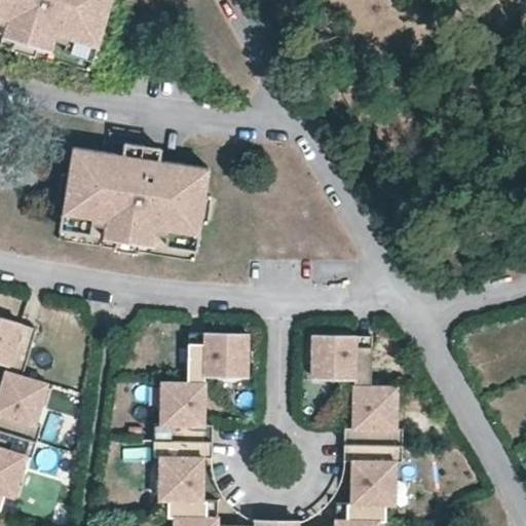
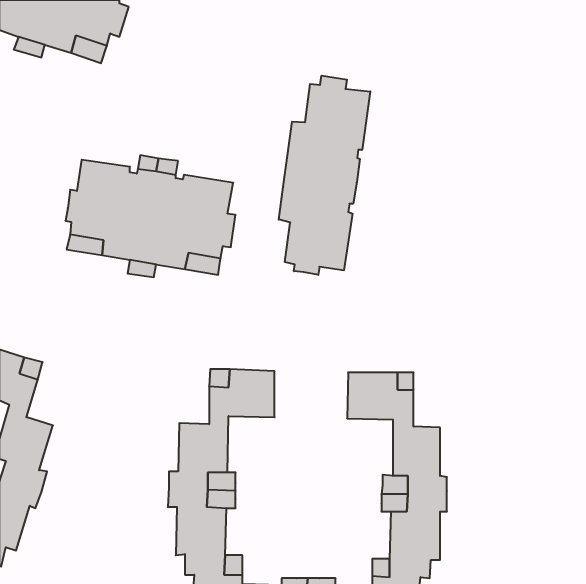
building: none -> [279,76,370,275]

